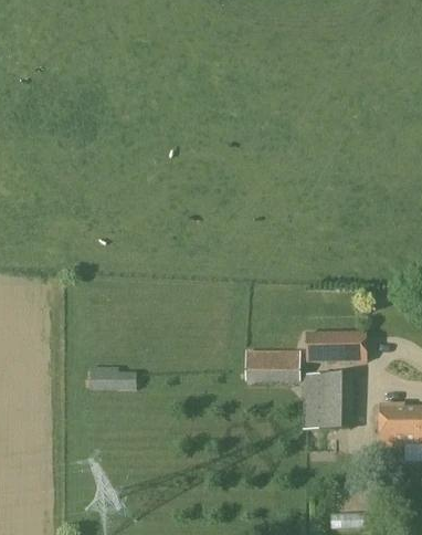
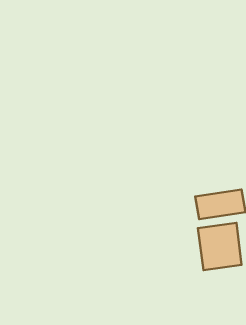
building: [245,350,300,381] -> none
building: [89,366,136,390] -> none

